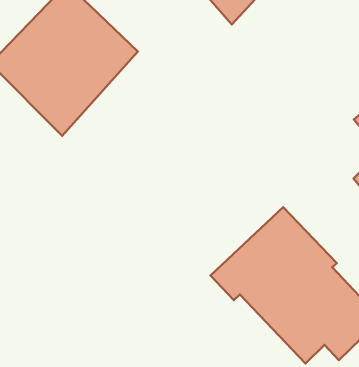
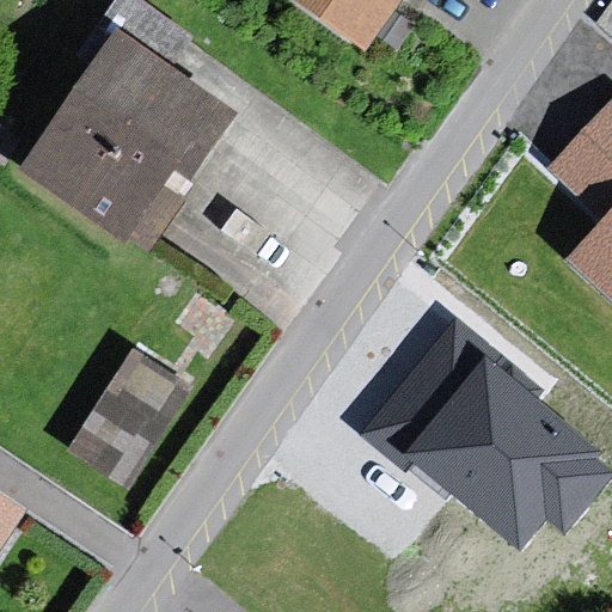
building: none -> [87,337,204,473]

